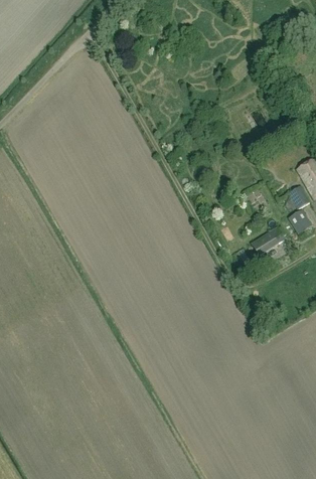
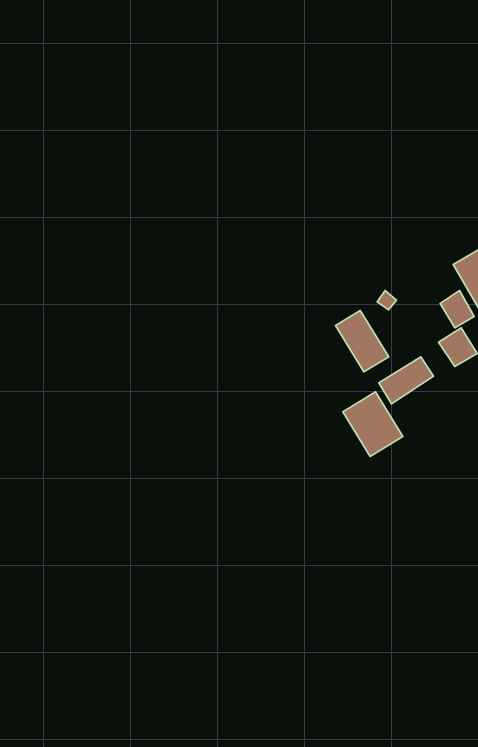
building: none -> [336,310,389,372]
building: none -> [343,392,403,456]

